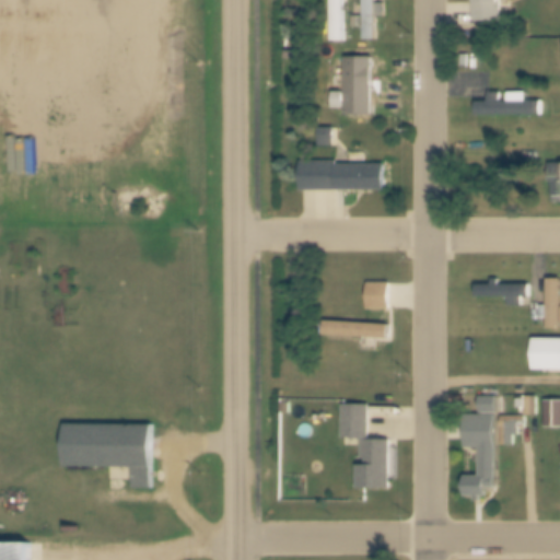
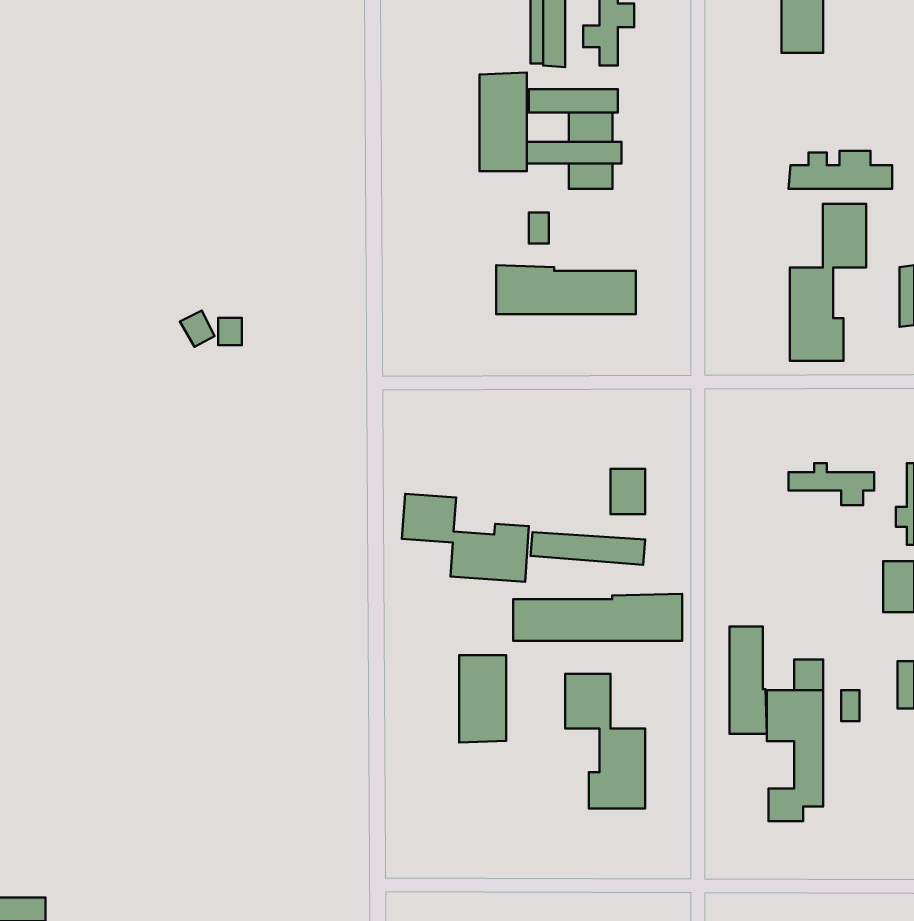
building: none -> [479,73,527,171]
building: none -> [790,204,866,361]
building: none -> [402,494,529,582]
building: none -> [513,594,682,641]
building: none -> [730,627,767,734]
building: none -> [459,655,506,742]
building: [60,423,149,486] -> none

